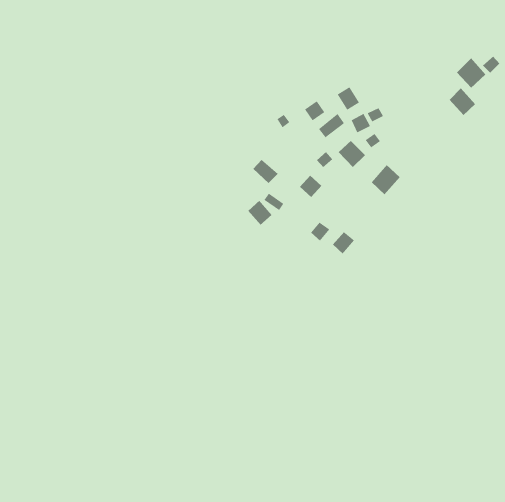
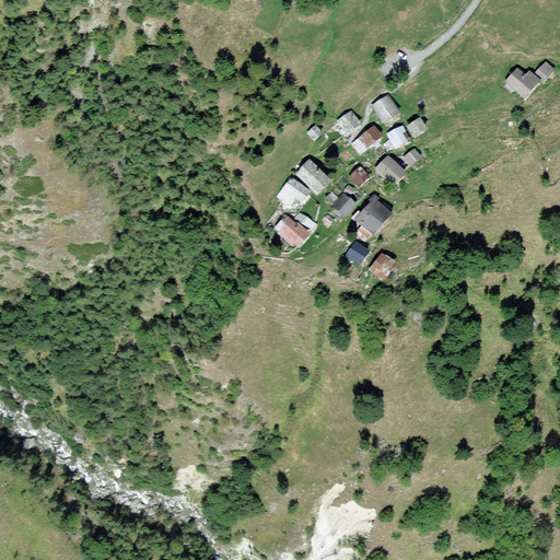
building: [449,88,476,116] -> none
building: none -> [294,160,328,195]
building: [371,164,401,195] -> [355,200,388,234]

